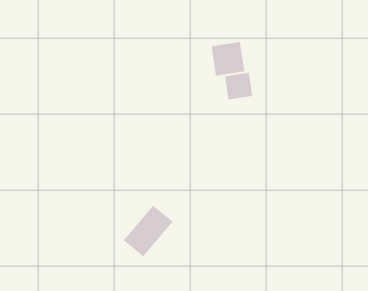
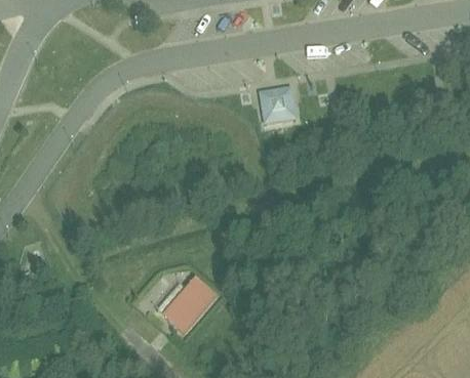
building: [224,72,253,100] -> none

